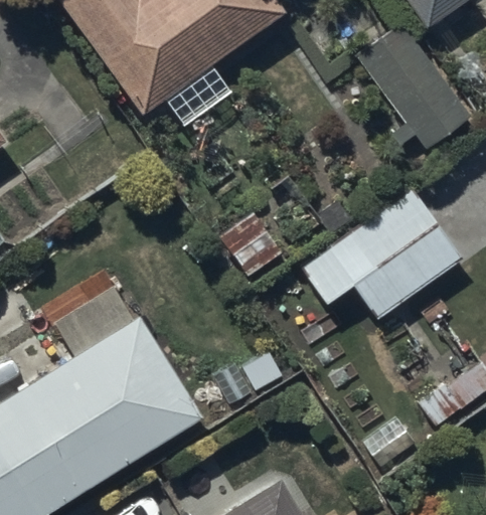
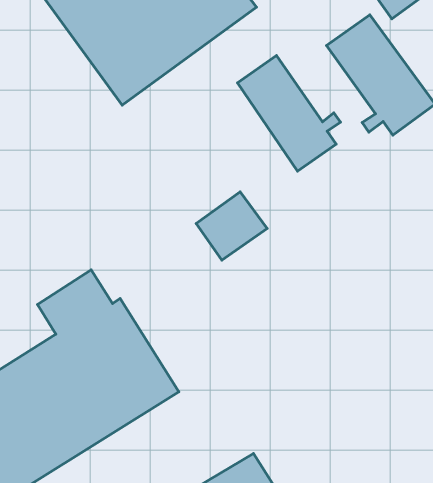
building: none -> [237,55,341,171]
building: [302,190,461,319] -> none

